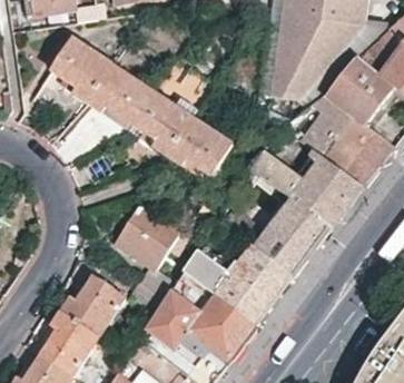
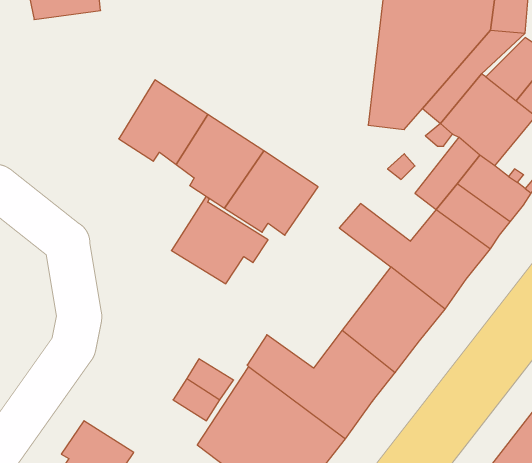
building: [52,38,116,105] -> none
building: [116,205,187,269] -> [171,196,268,284]
building: [63,277,126,336] -> none

